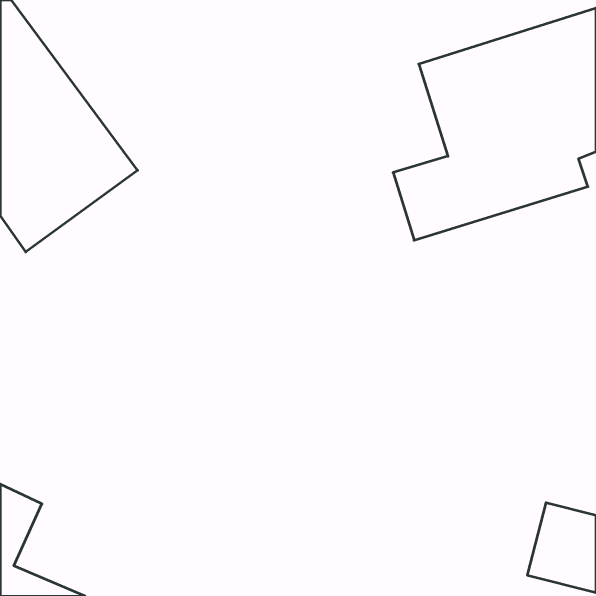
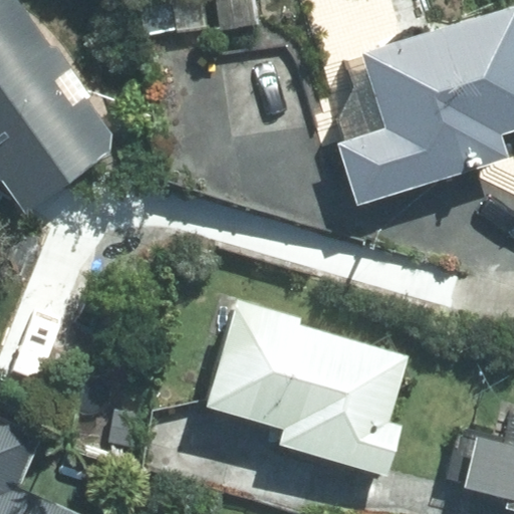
building: none -> [199,303,404,472]

